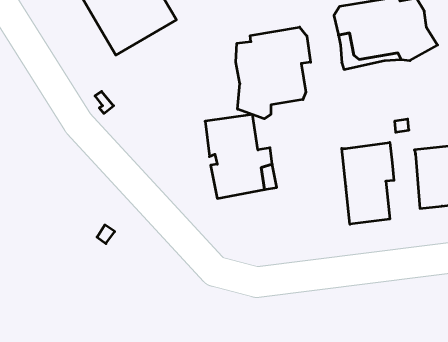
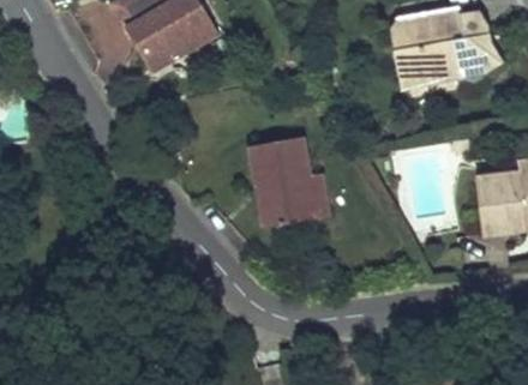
building: [236,27,311,119] -> none
building: [342,142,394,224] -> none

